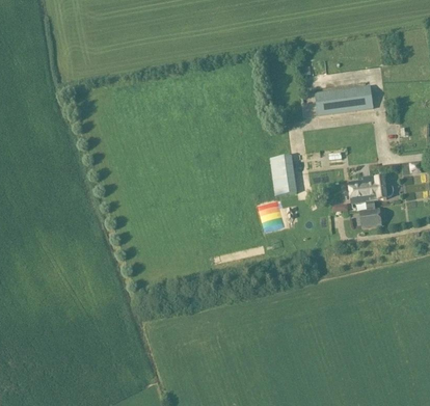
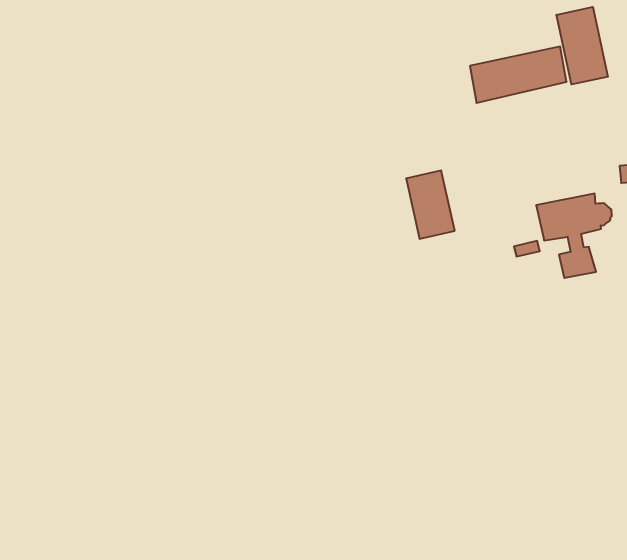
building: none -> [556,7,608,84]

